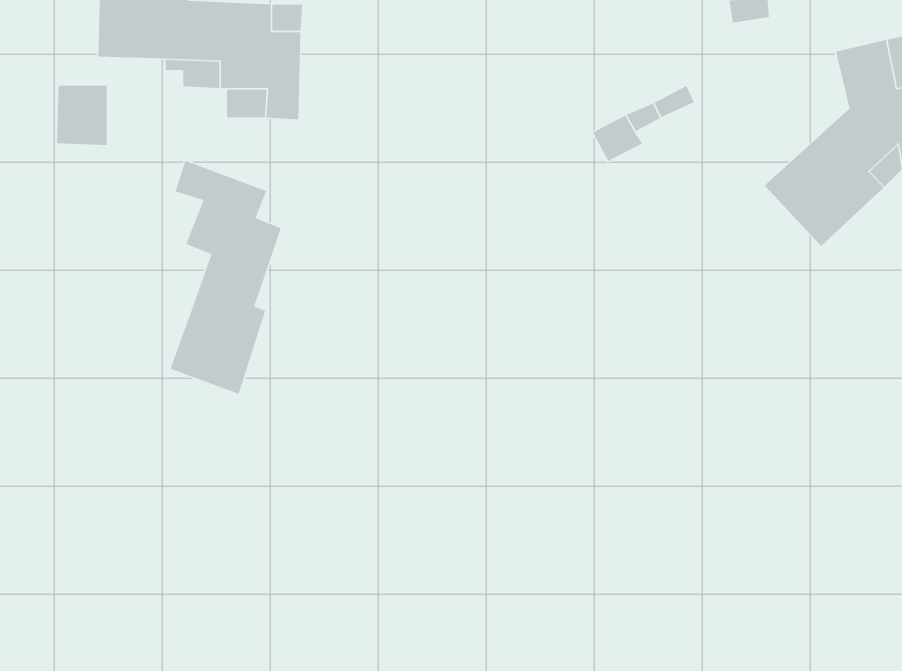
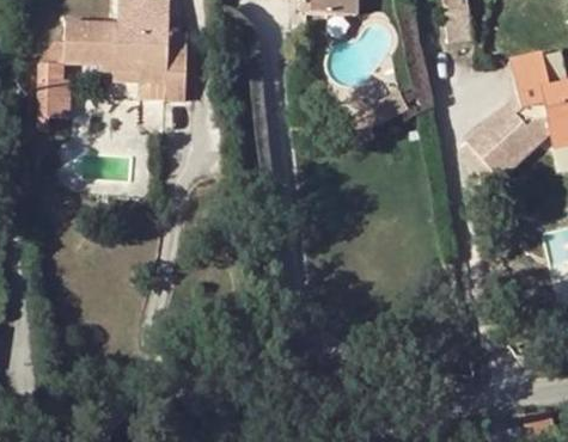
building: [169,160,282,395] -> none

